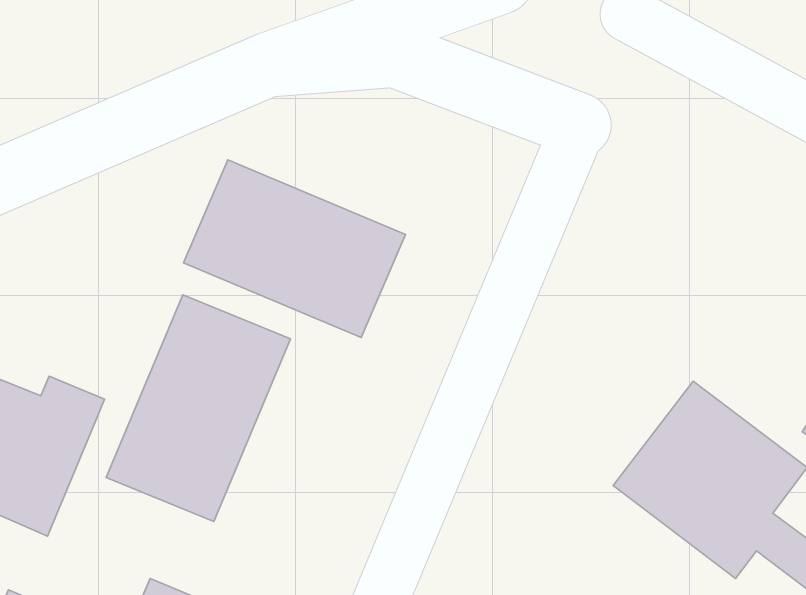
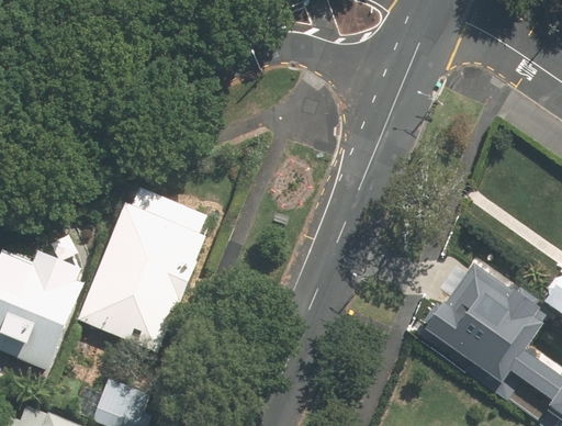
building: [183,160,405,337] -> none

